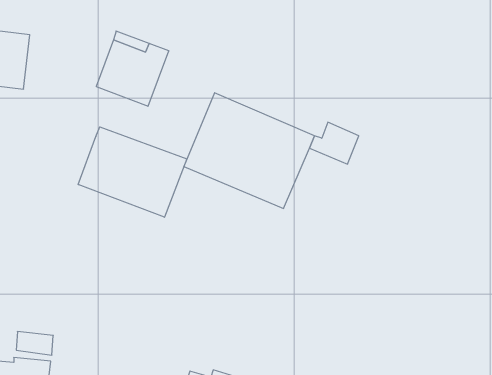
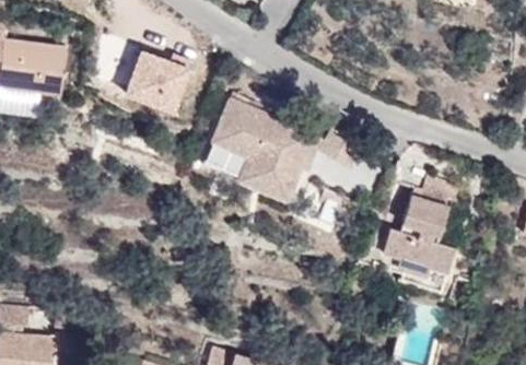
building: [78,127,187,217] -> none
building: none -> [383,175,458,278]

